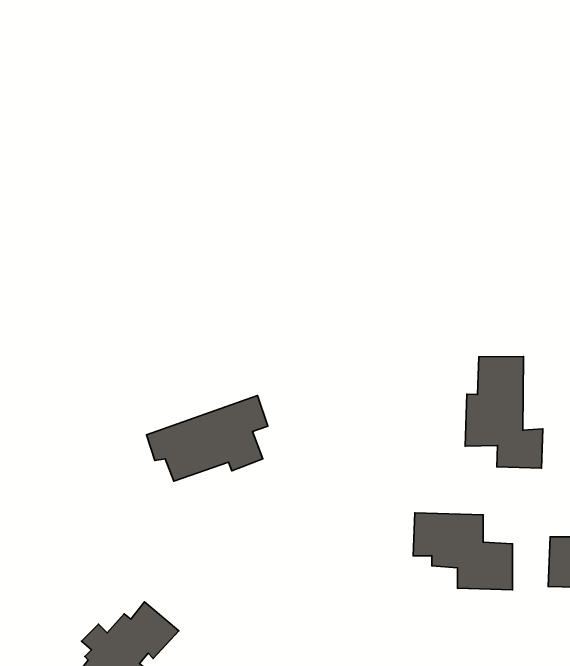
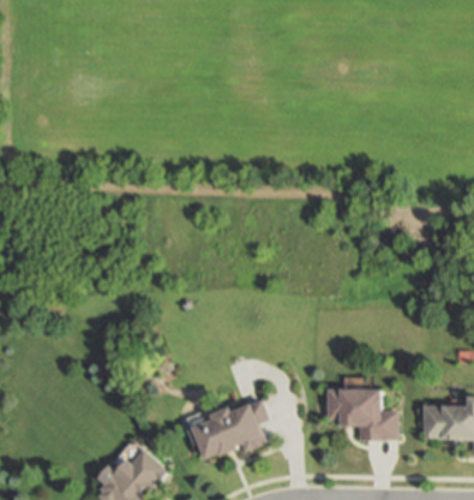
building: [465,356,543,468] -> none
building: [146,395,268,481] -> [186,397,271,457]

